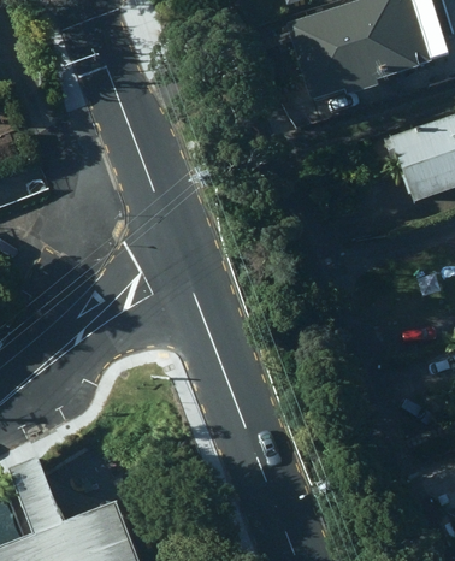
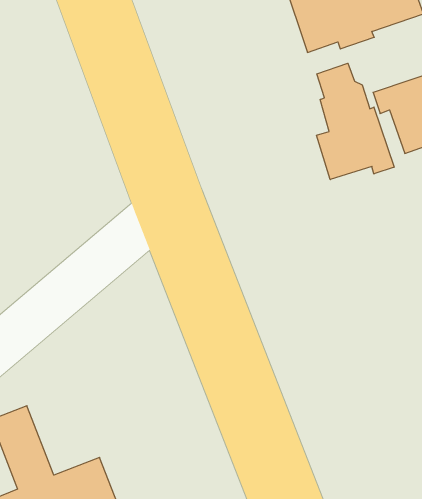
building: none -> [317,63,394,180]

